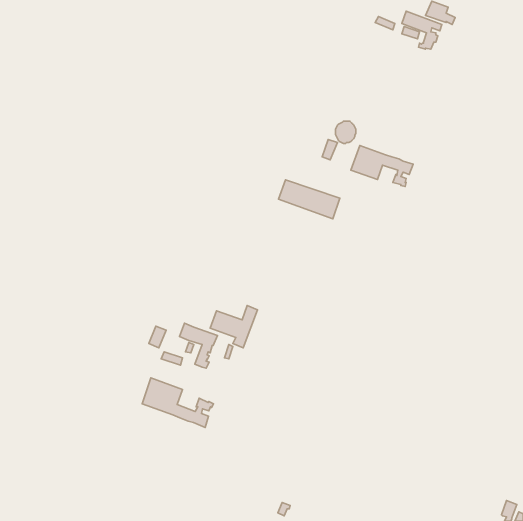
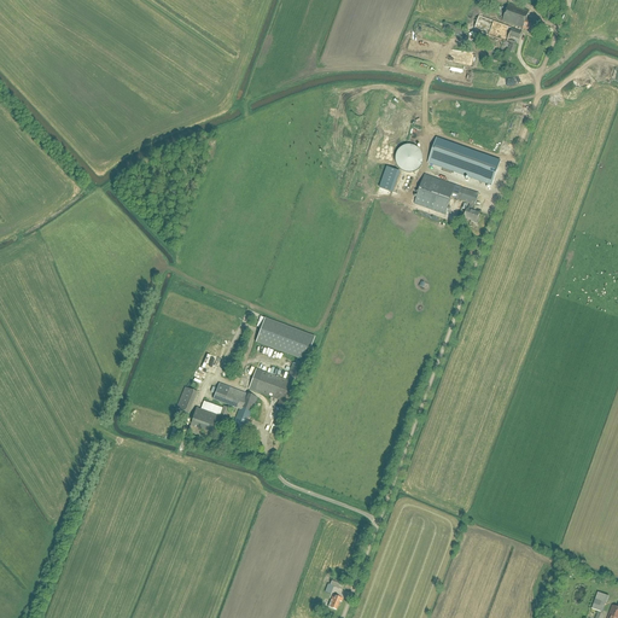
building: [278,180,340,219] -> [427,136,500,182]
building: none -> [253,315,314,358]
building: [142,378,214,427] -> none

